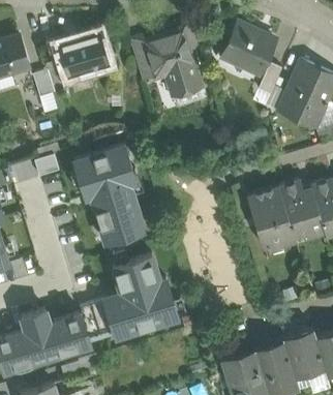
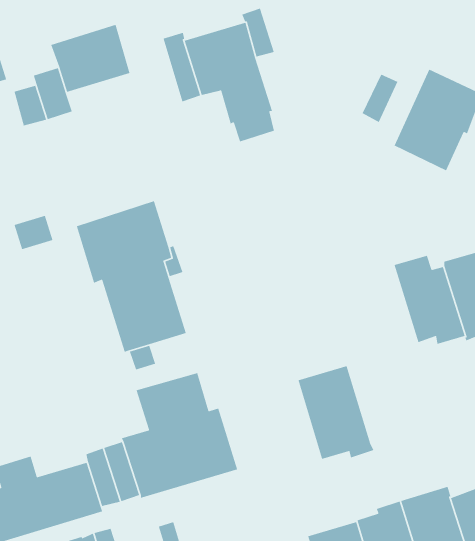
building: [221,24,274,74] -> none
building: [246,187,296,248] -> [297,365,374,460]

